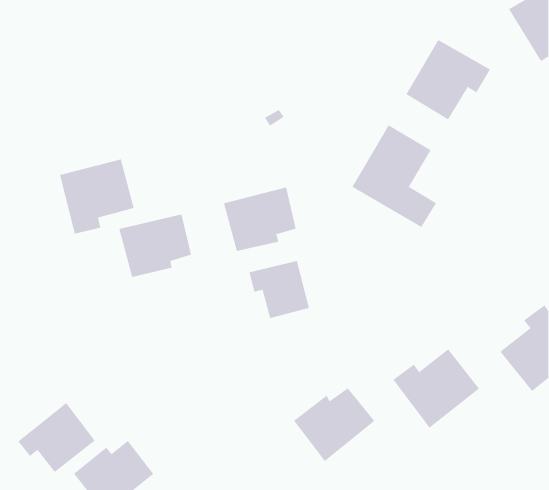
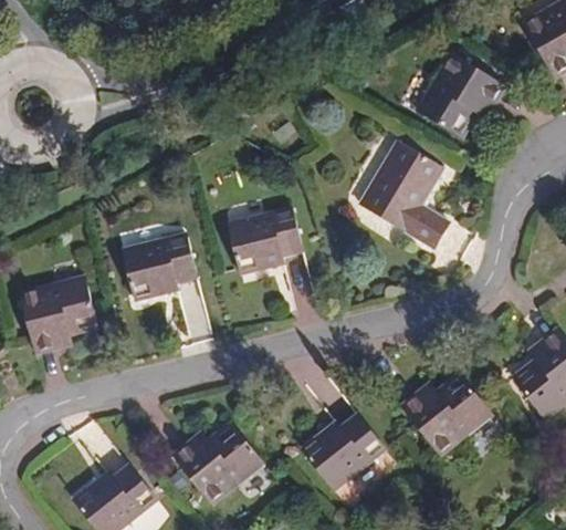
building: [59,159,135,234] -> [20,274,97,352]
building: [249,260,309,319] -> none
building: none -> [175,424,264,503]
building: [17,402,96,473] -> none

